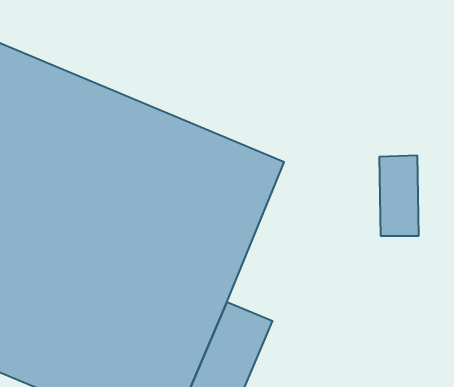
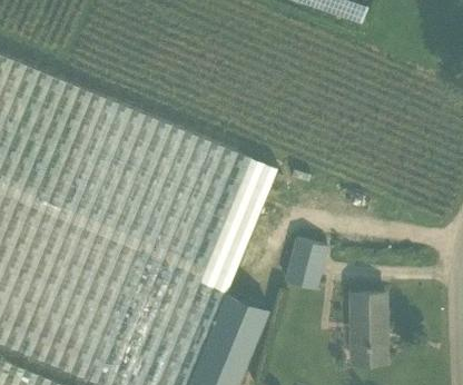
building: [379,156,419,236] -> [352,293,386,363]
building: none -> [286,238,327,289]

